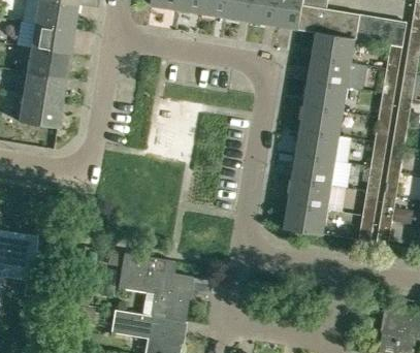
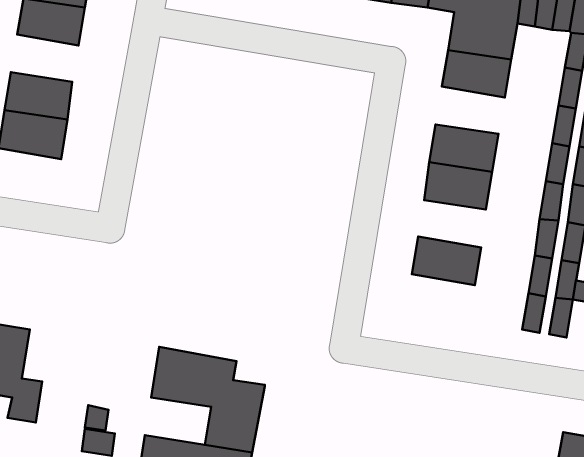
building: [26,47,70,78] -> none
building: [303,82,349,113] -> none
building: [292,156,336,187] -> none
building: [284,204,329,235] -> none

